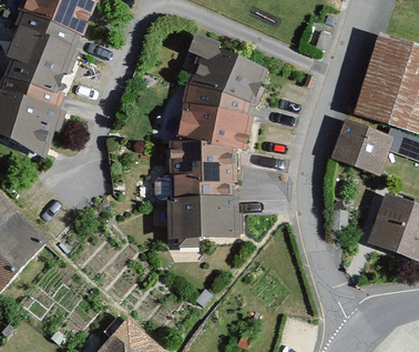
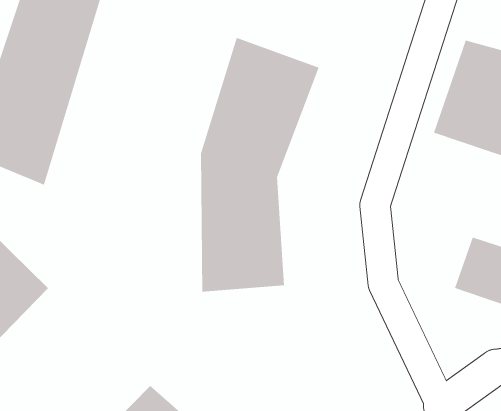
building: [329,119,396,179] -> none

